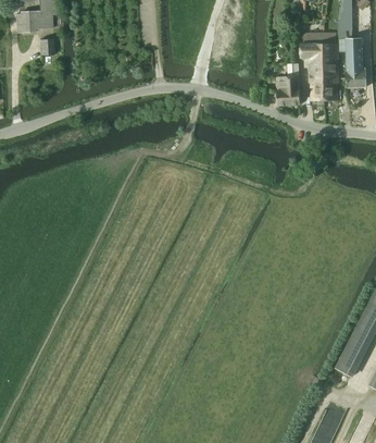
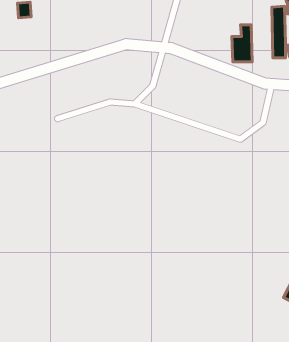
building: [303,44,324,100] -> none

